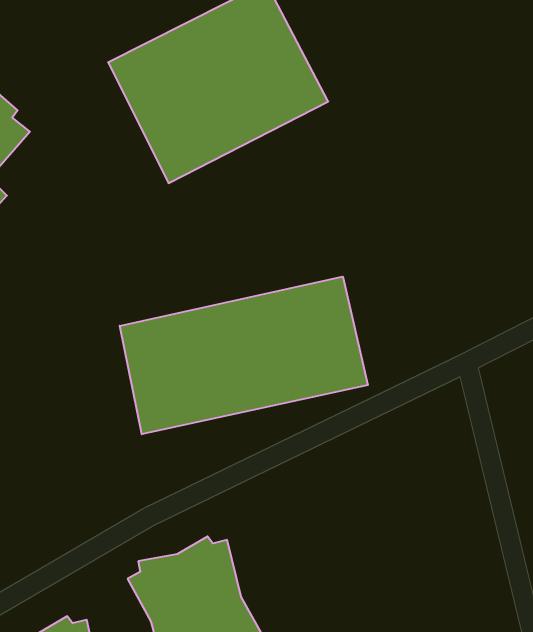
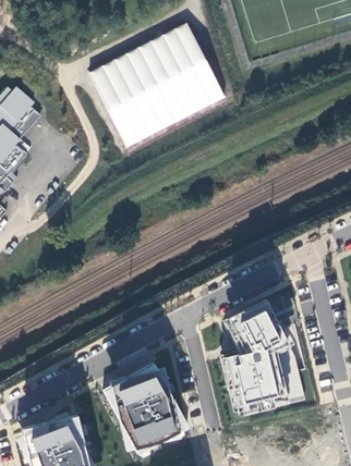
building: [120,277,368,434] -> none
building: none -> [223,299,311,412]

